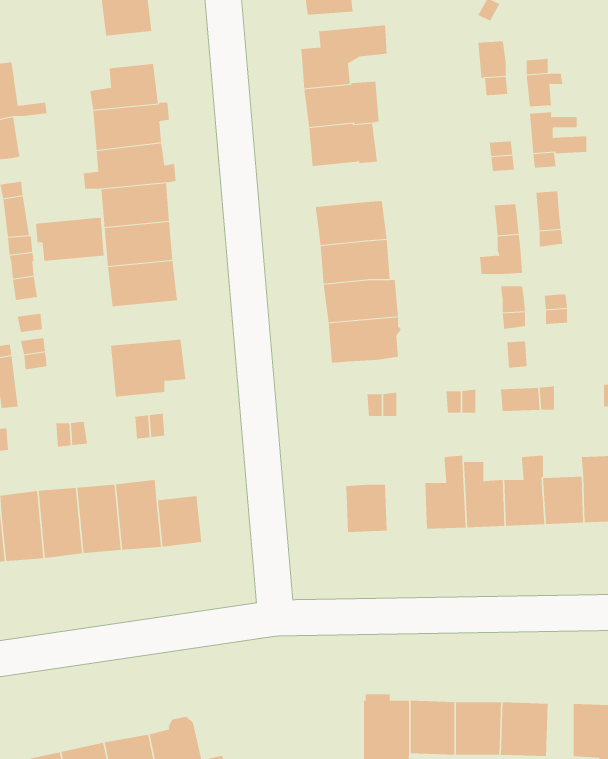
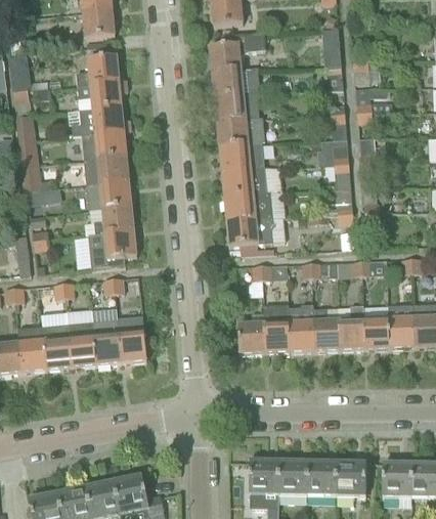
building: none -> [216,118,264,146]
building: [34,217,105,262] -> [88,206,133,234]
building: none -> [262,305,289,352]

